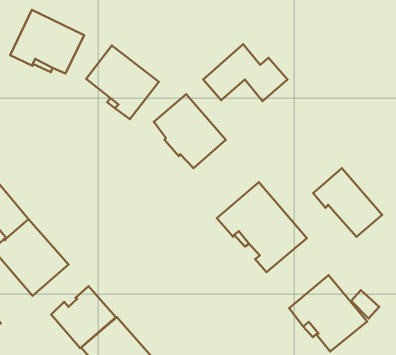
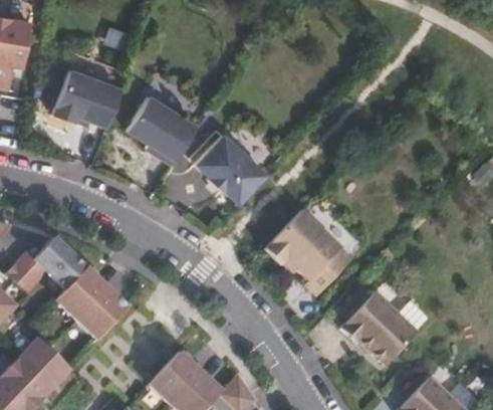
building: [203,44,288,101] -> none
building: [313,168,382,237] -> none
building: [51,286,116,348] -> none

